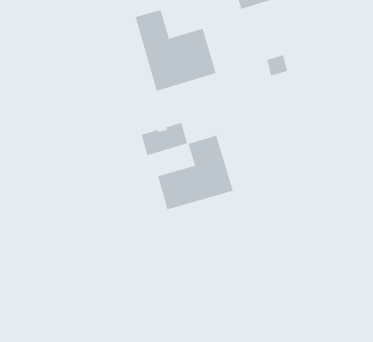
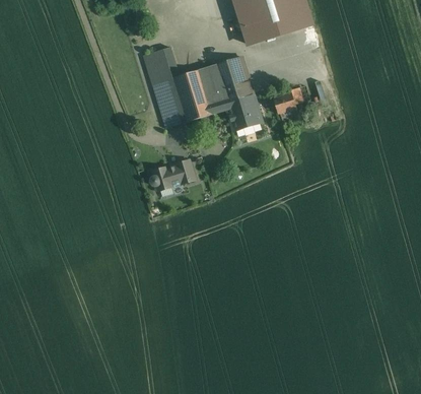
building: none -> [210,55,262,130]
building: [157,135,233,210] -> none

